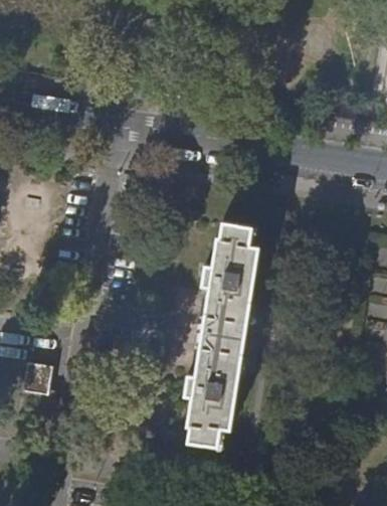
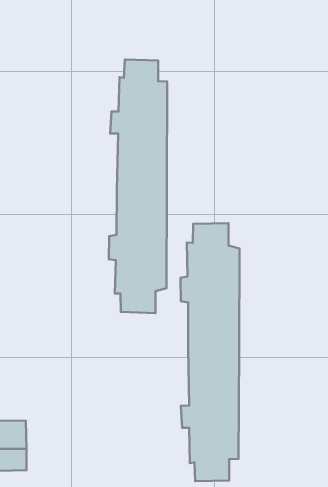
building: none -> [109,59,167,313]

